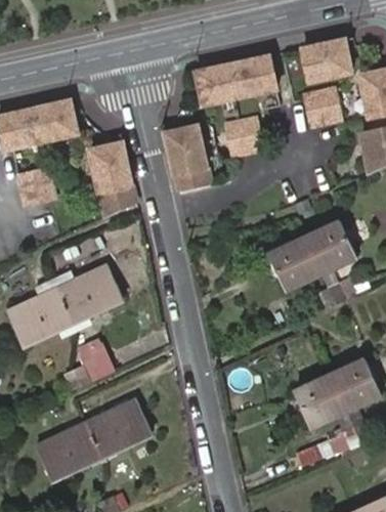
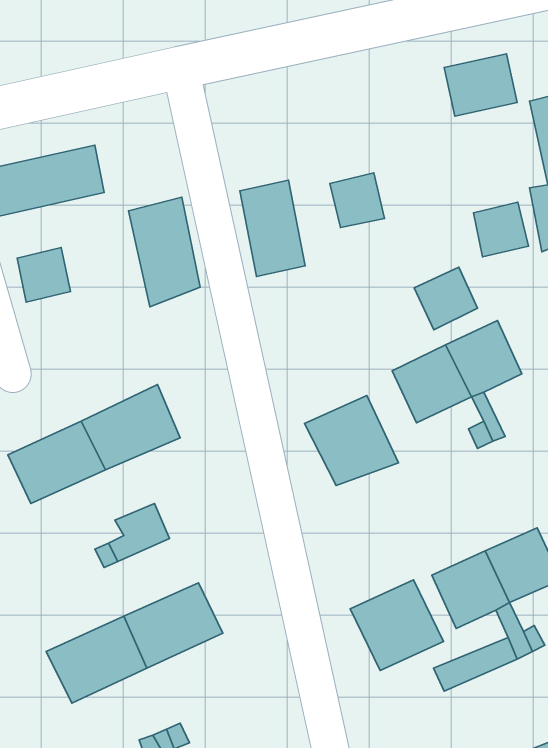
building: [197,57,276,108] -> none
building: [305,90,342,127] -> [473,202,528,257]
building: none -> [414,267,478,330]
building: none -> [305,396,399,485]
building: none -> [350,580,444,671]

